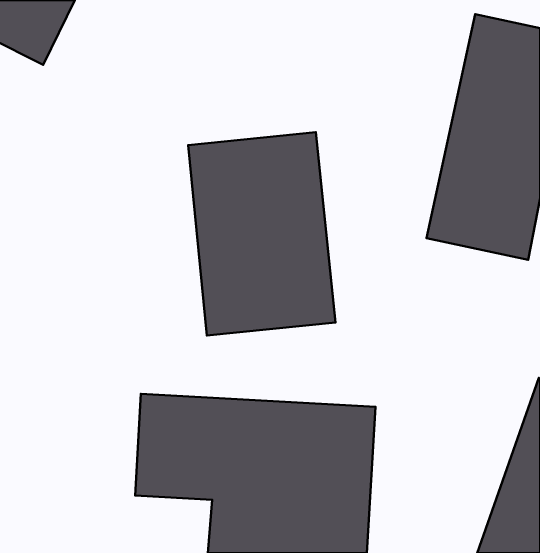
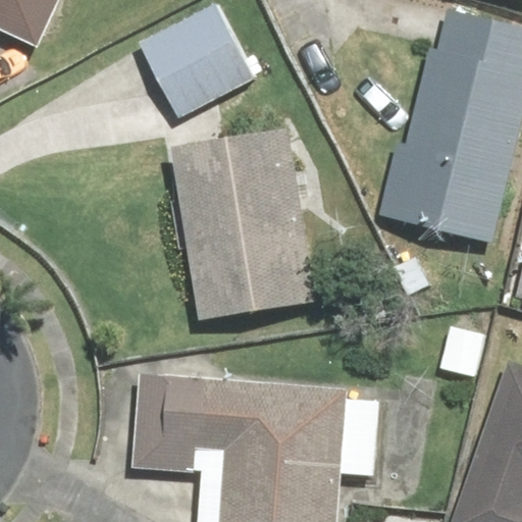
building: none -> [138,4,260,123]

